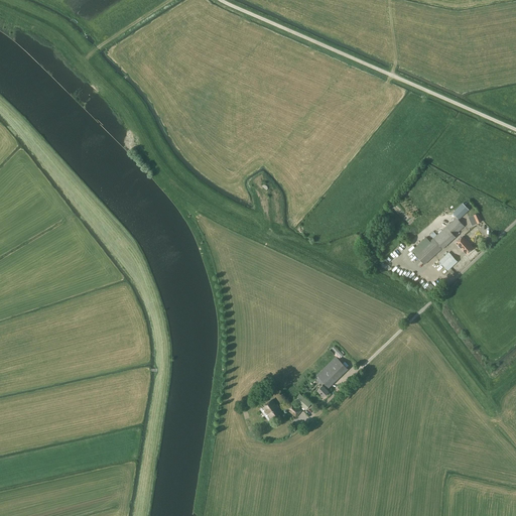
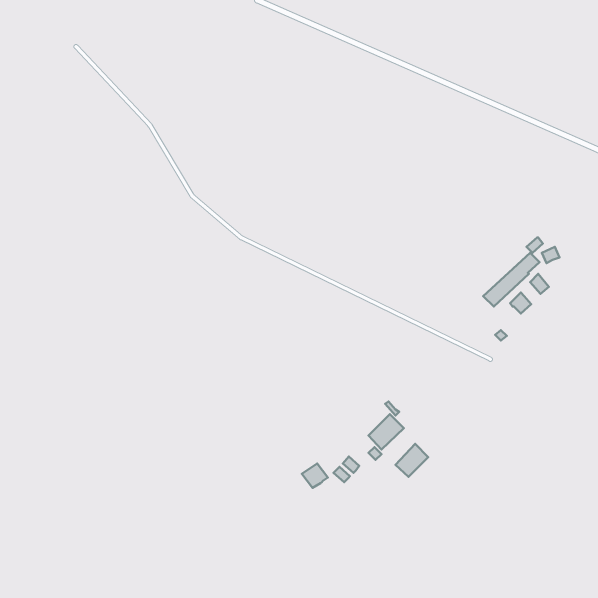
building: none -> [395,444,428,477]

